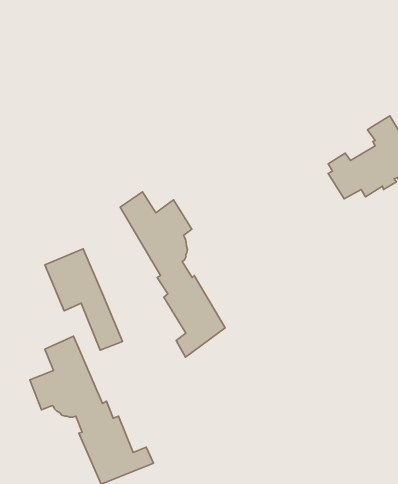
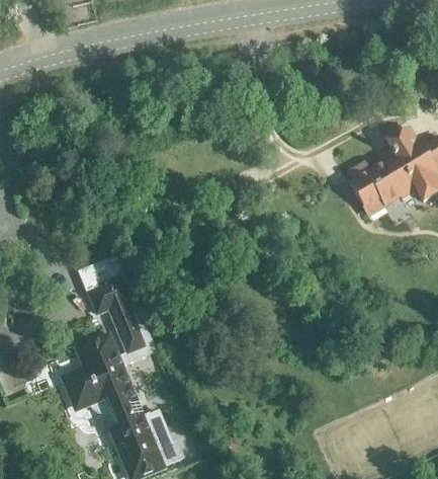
building: [120,192,225,357] -> none

